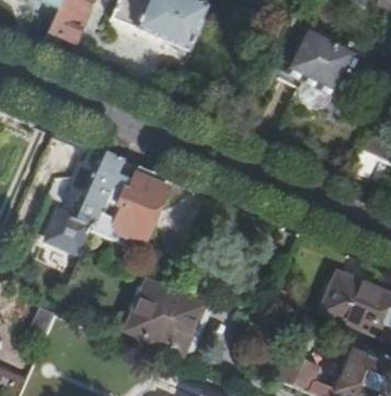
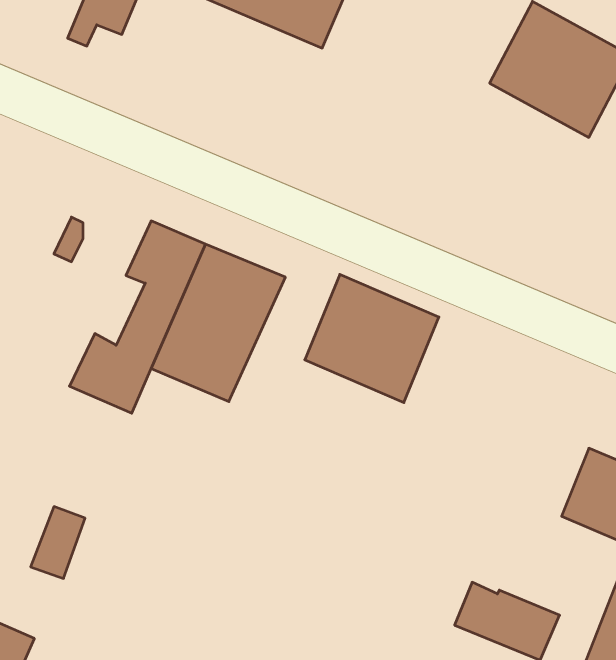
building: [128,280,203,352] -> [305,274,439,403]

